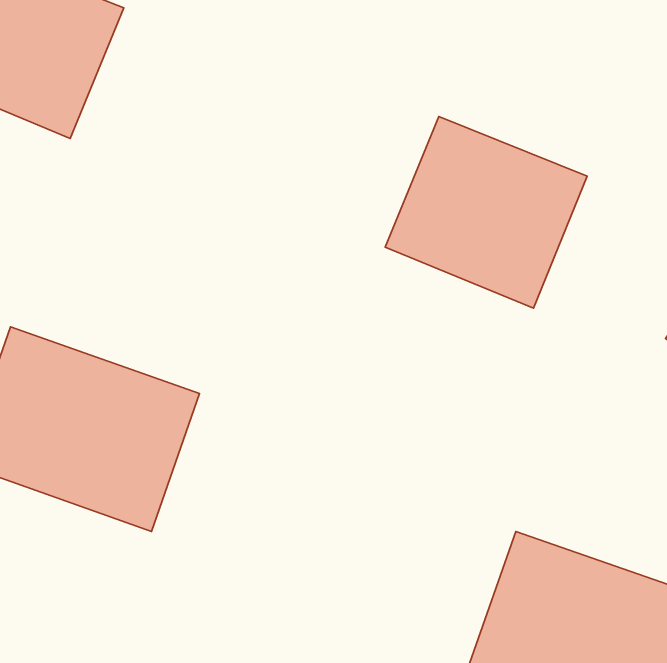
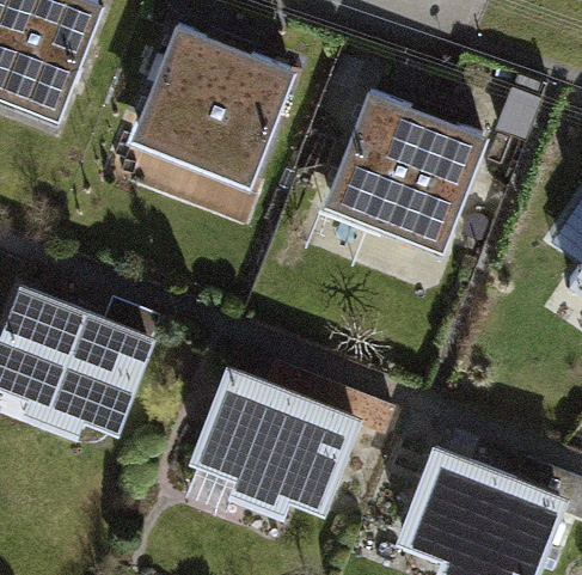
building: none -> [121,31,287,189]
building: none -> [182,366,374,524]

